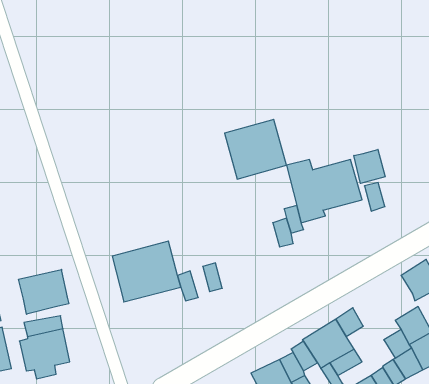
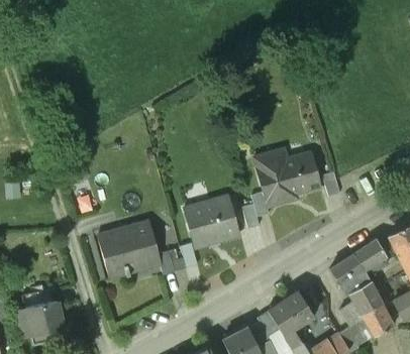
building: [225,119,286,179] -> [184,195,238,247]
building: [354,149,385,183] -> none
building: [19,269,69,314] -> none
building: none -> [330,253,370,294]

